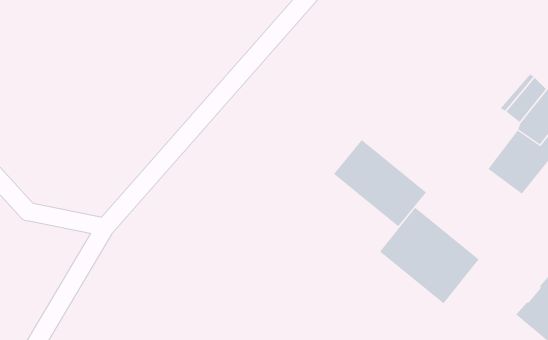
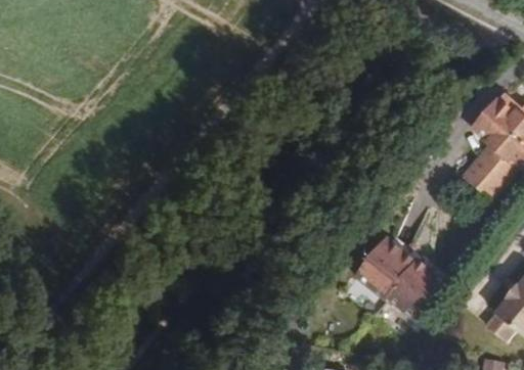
building: [333,139,427,227] -> none

